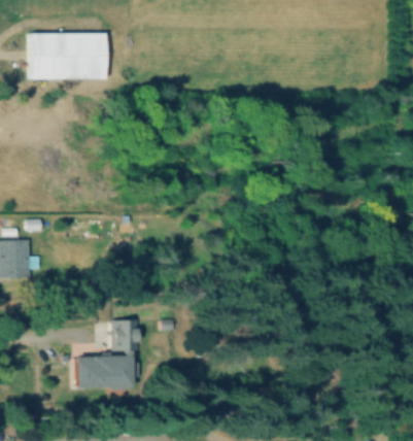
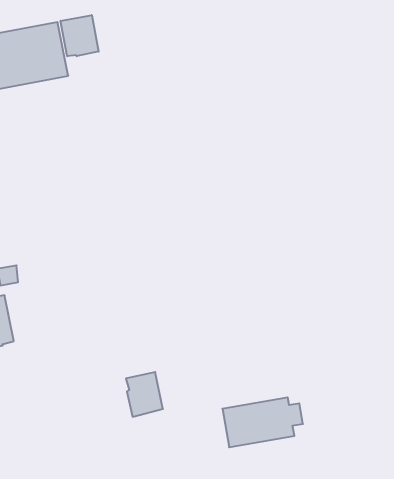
building: none -> [61,15,99,56]
building: [74,357,135,387] -> [222,397,303,447]

